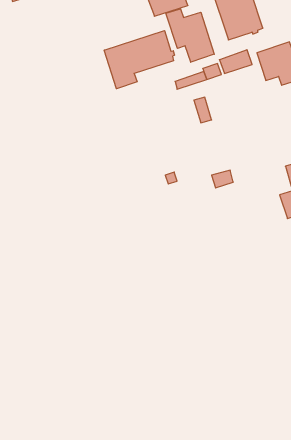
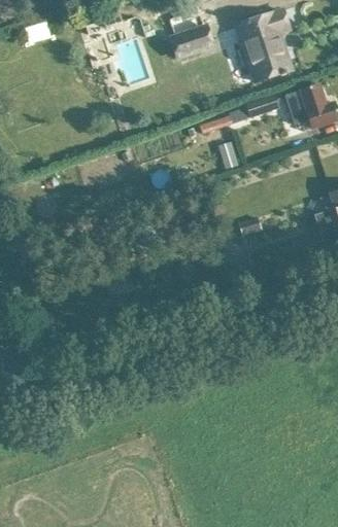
building: [166,9,214,62] -> none
building: [104,31,174,89] -> none

